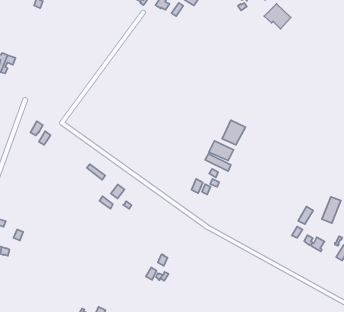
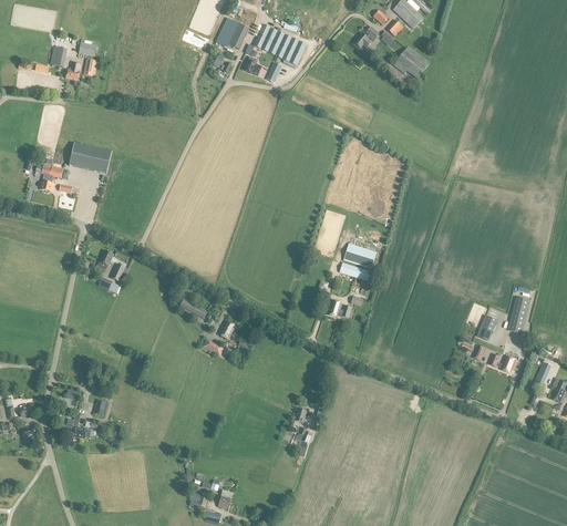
building: none -> [69,142,112,173]
building: [222,120,246,145] -> none

